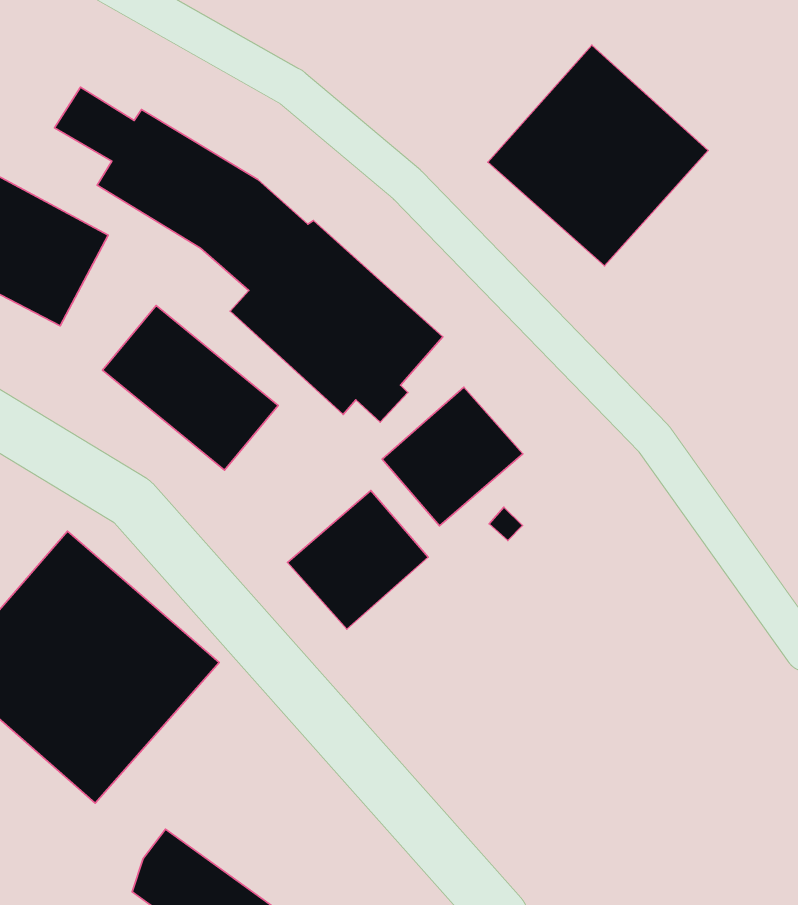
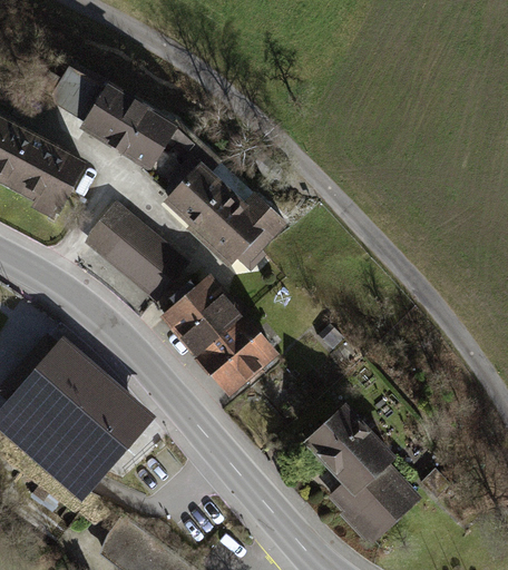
building: [488,45,708,266] -> none
building: [382,387,523,526] -> [160,273,245,356]
building: none -> [295,396,419,546]

